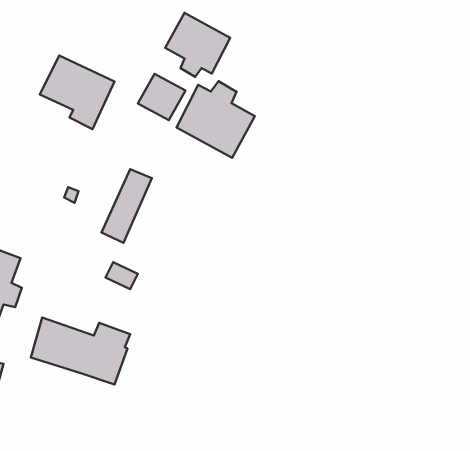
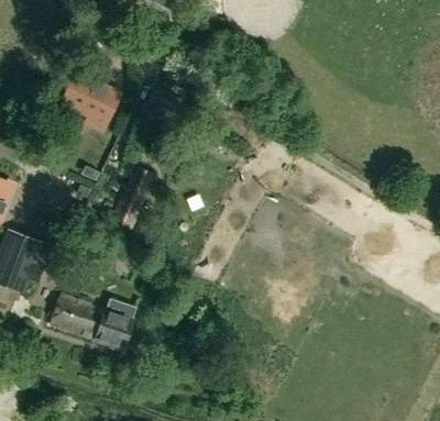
building: [165,13,230,77] -> none
building: [176,81,255,158] -> none

